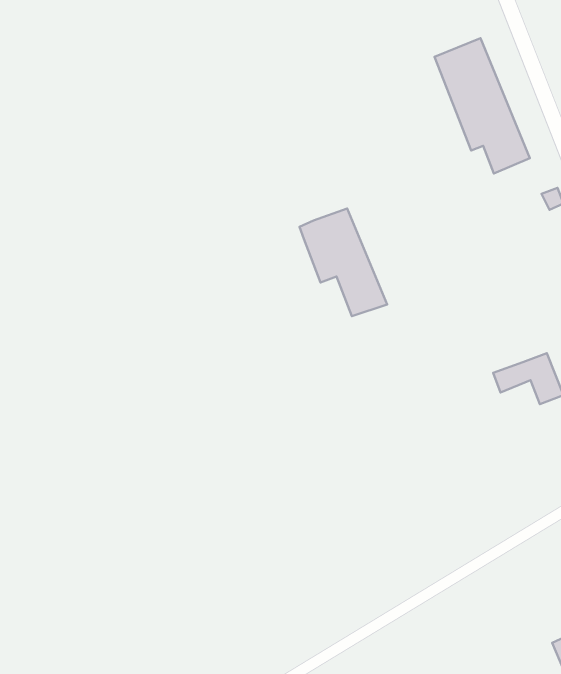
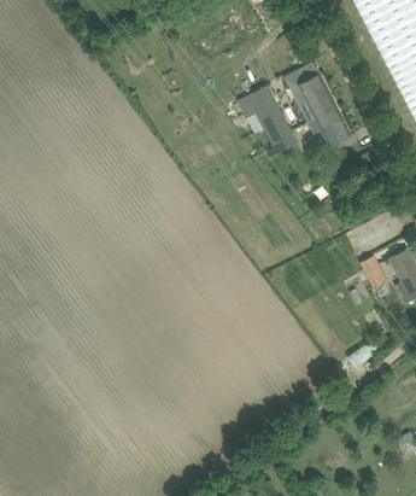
building: [299,209,387,316] -> [238,84,298,152]

